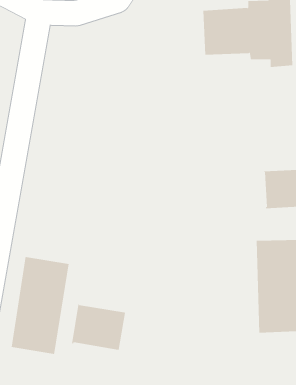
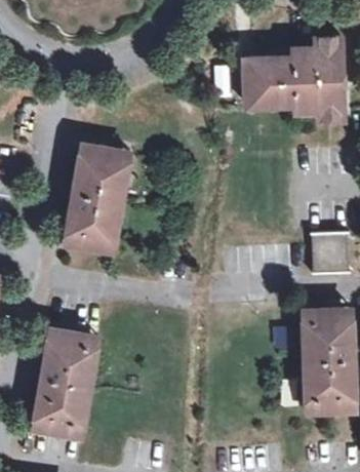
building: none -> [64,144,128,250]
building: [71,303,126,352] -> none

